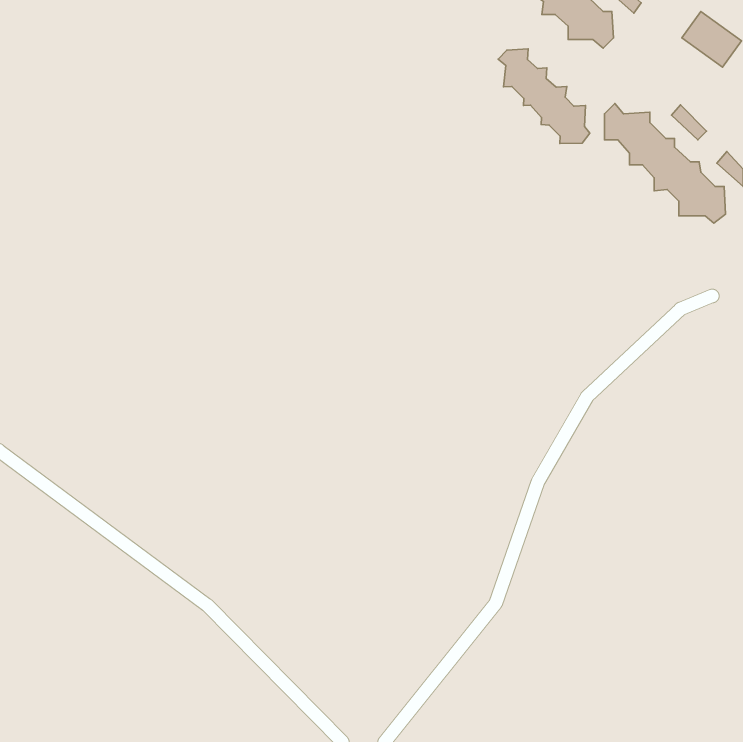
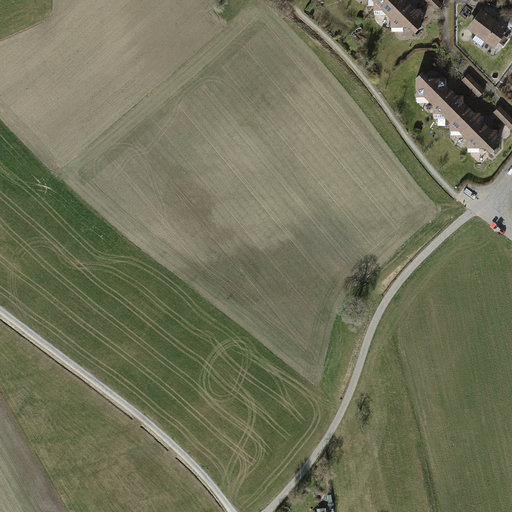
building: [498,49,590,143] -> none

